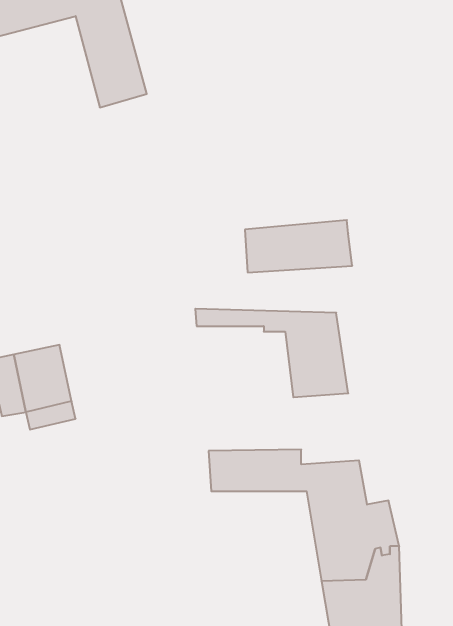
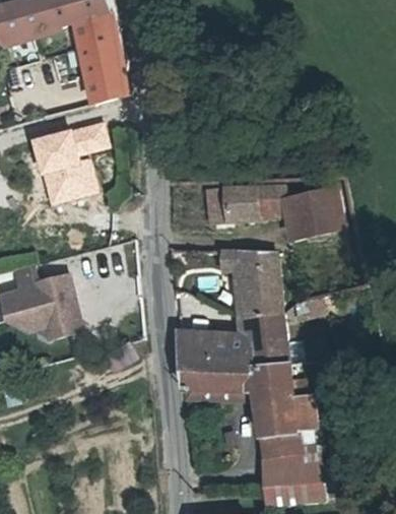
building: none -> [23,119,103,200]
building: none -> [282,183,340,238]
building: none -> [174,313,290,367]

